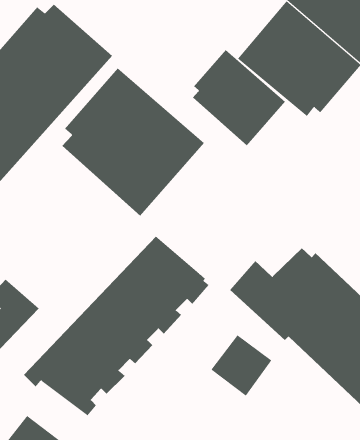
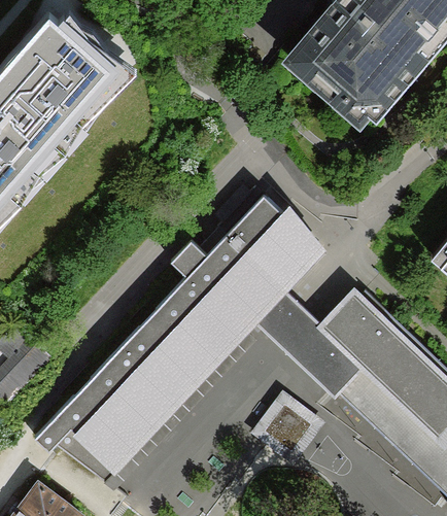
building: [192,49,286,146] -> none
building: [61,67,205,216] -> none
building: none -> [171,192,324,337]

